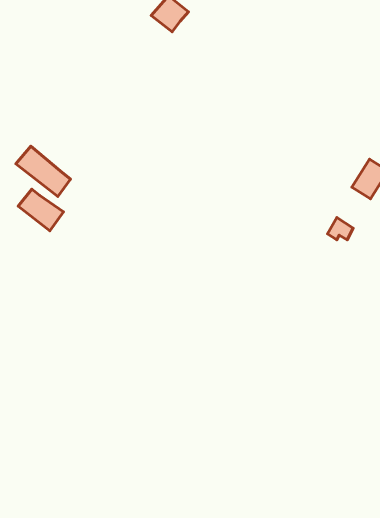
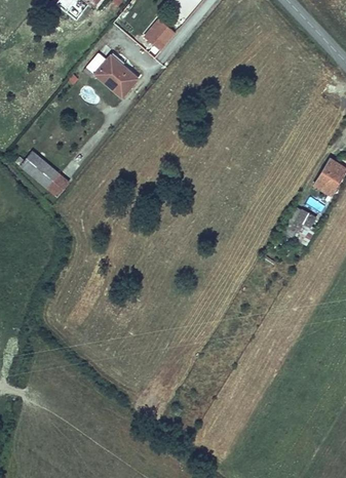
building: none -> [86,56,134,95]
building: [18,189,63,231] -> none

